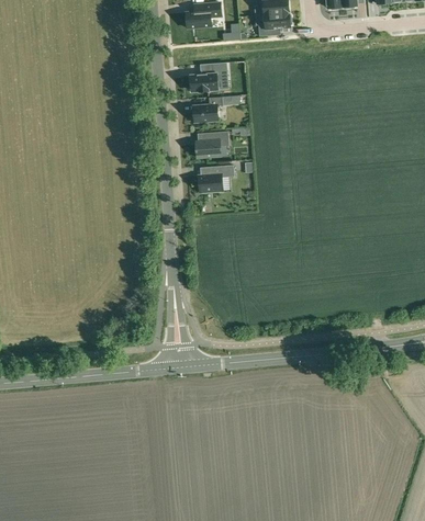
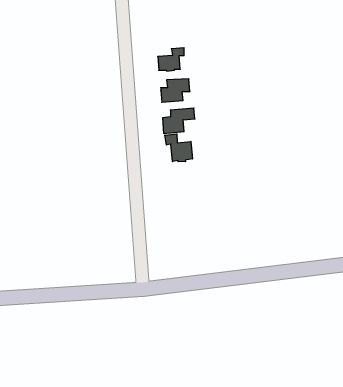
building: [190,64,228,90] -> none
building: none -> [165,134,192,162]

